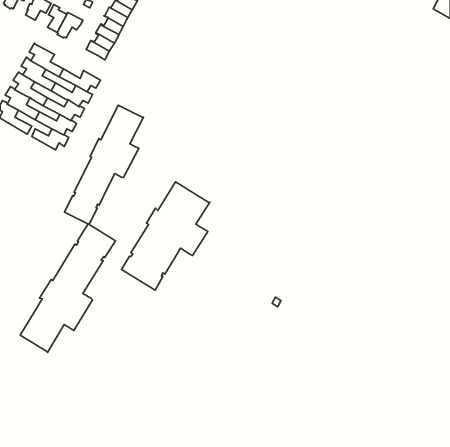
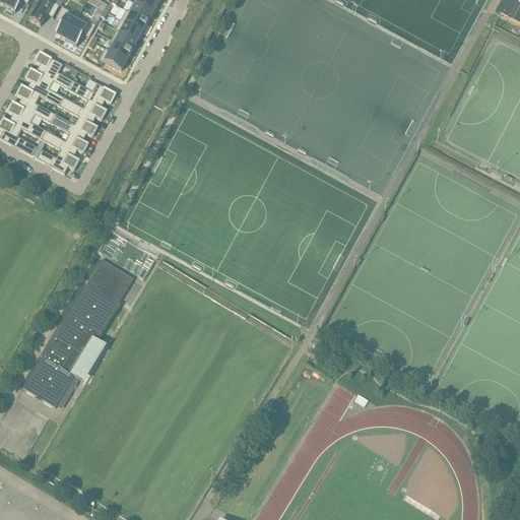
building: [65,105,144,225] -> none
building: [122,182,210,290] -> none

